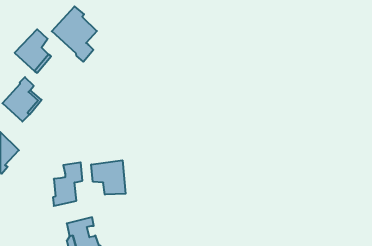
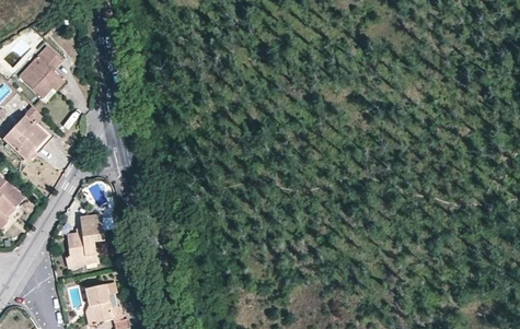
building: [52,6,97,62] -> none
building: [91,160,126,195] -> none

